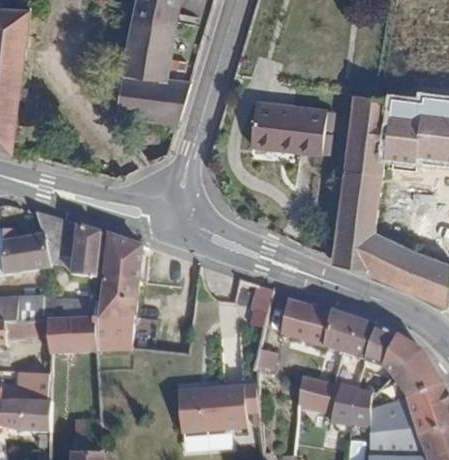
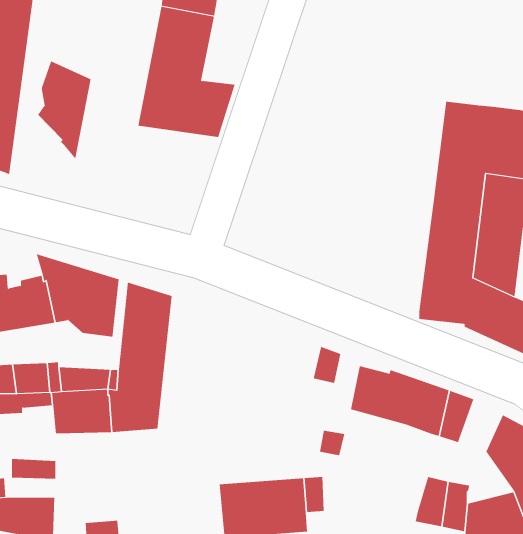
building: none -> [38,61,91,160]
building: [250,101,326,153] -> none
building: [363,325,397,366] -> none
building: [296,376,339,412] -> none

